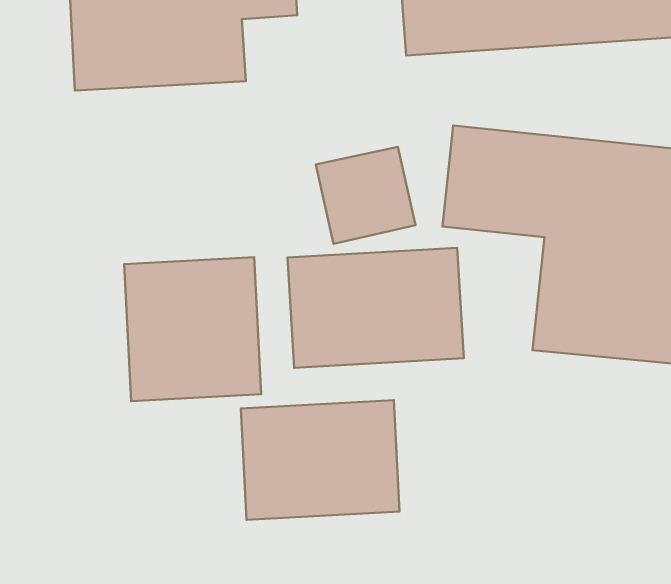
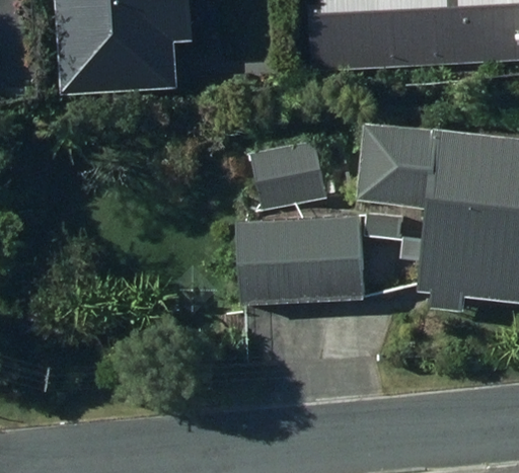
building: [124,257,261,401] -> none
building: [241,400,399,520] -> none

